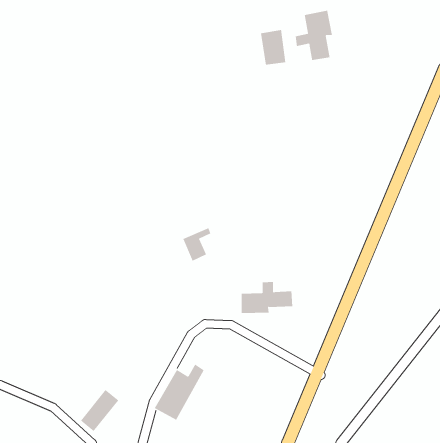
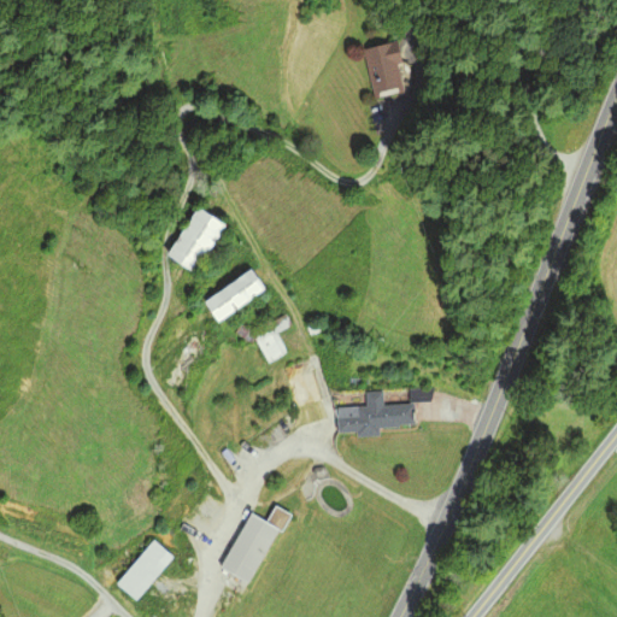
building: [295,10,332,61] -> none
building: none -> [164,205,225,274]
building: none -> [204,270,269,319]

